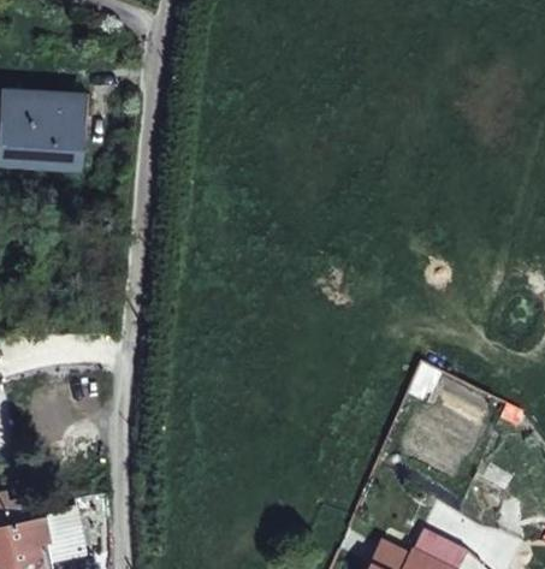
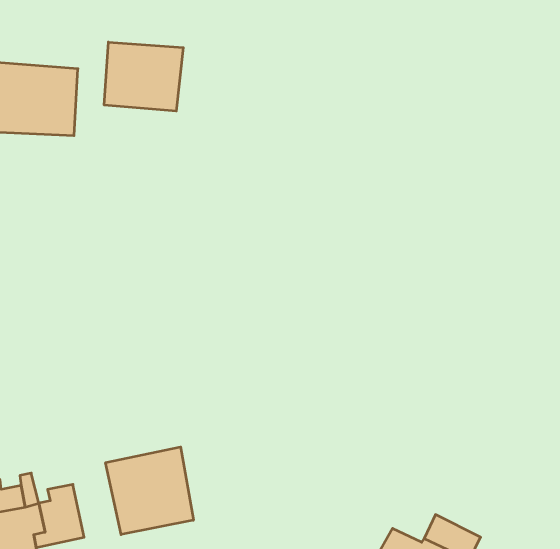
building: none -> [104,42,183,111]
building: none -> [106,447,193,535]

